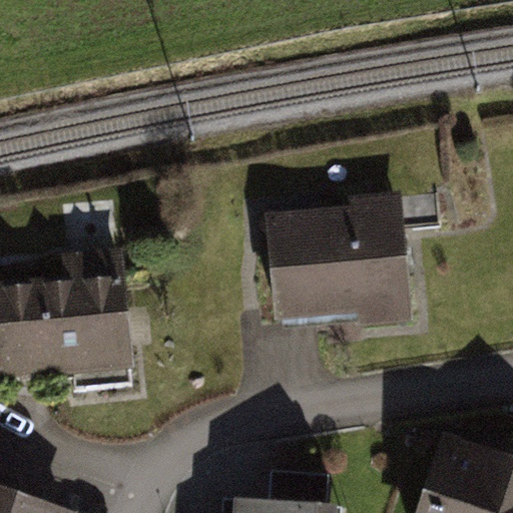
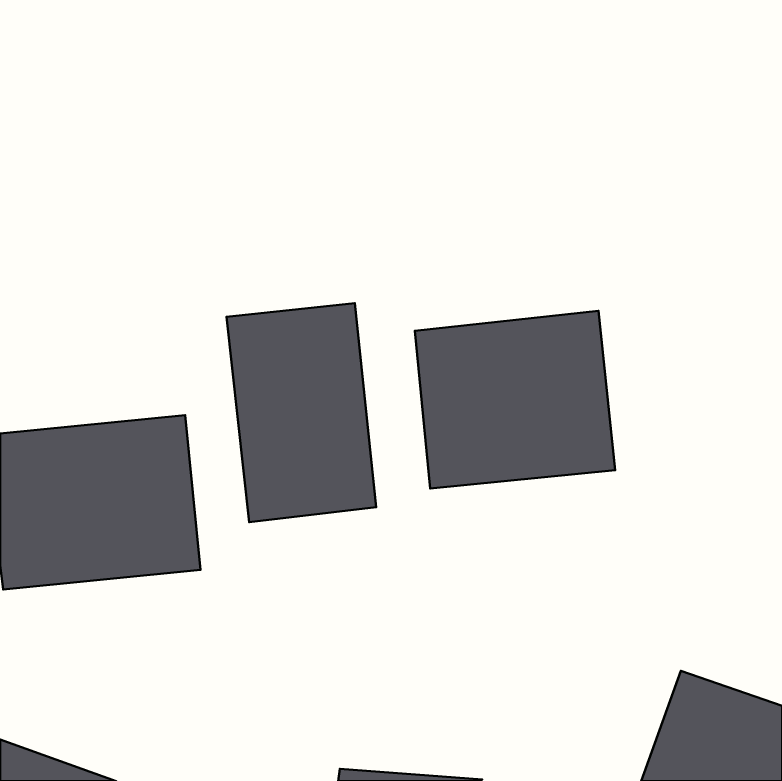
building: none -> [226,303,376,522]

